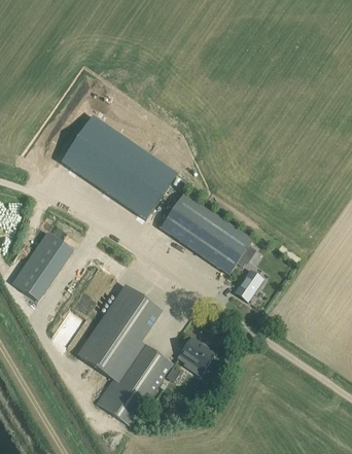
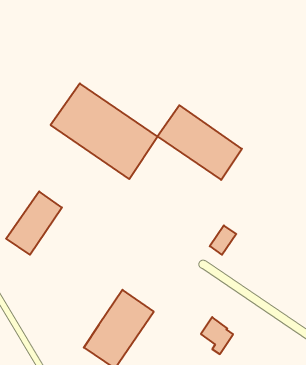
building: [160,193,251,274] -> [158,105,242,180]
building: [78,286,153,378] -> none
building: [178,336,213,376] -> [201,317,233,354]

